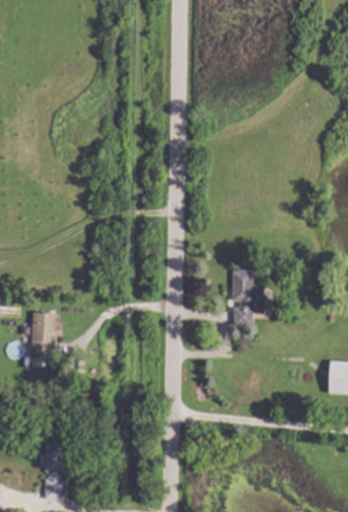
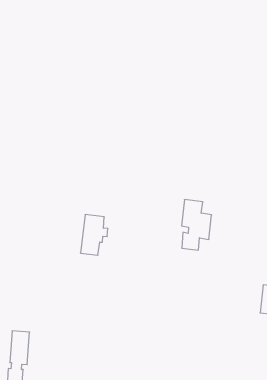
building: [30,312,60,358] -> [80,215,108,255]

